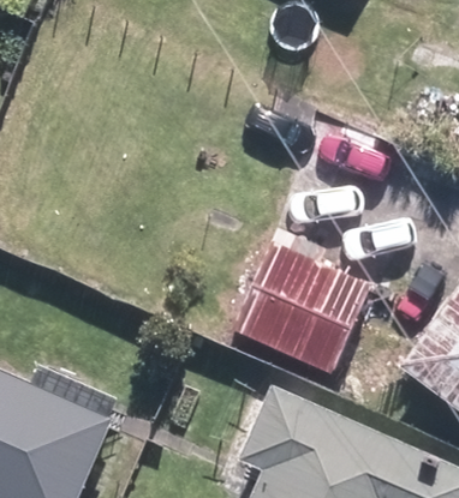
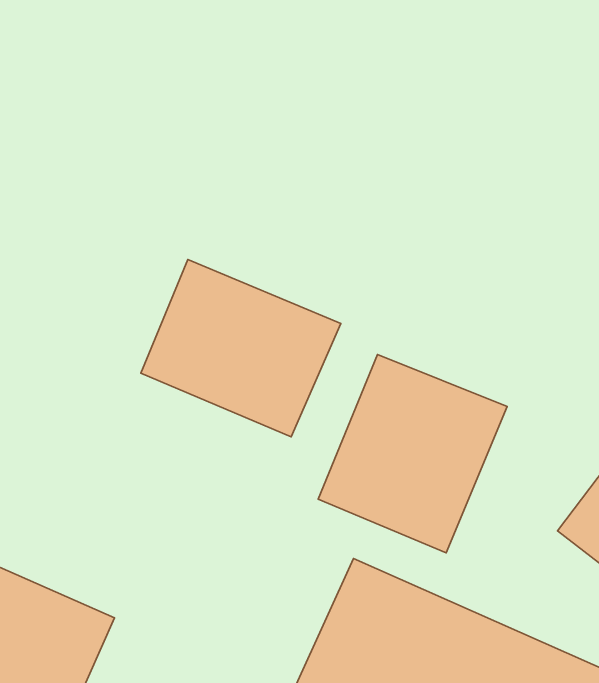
building: none -> [141,259,341,437]

